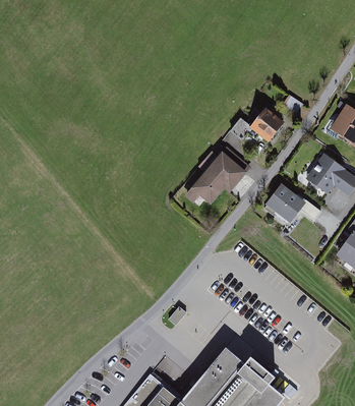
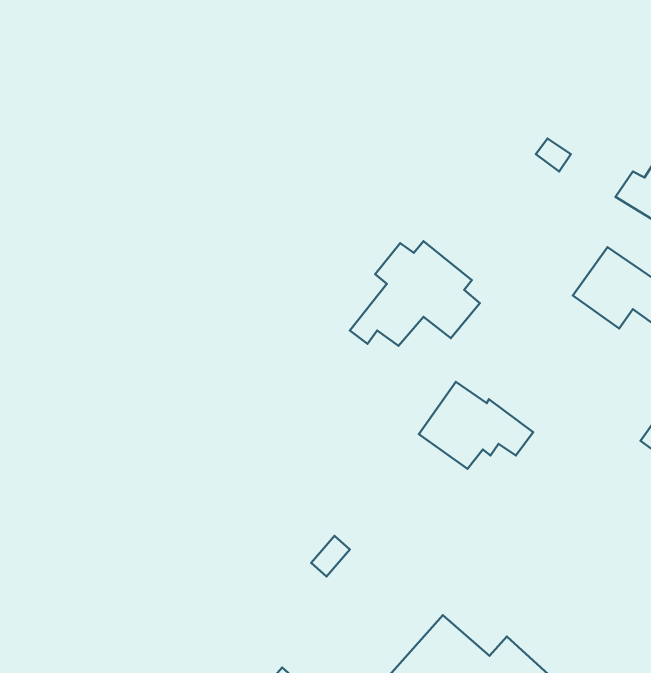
building: [230,106,285,142] -> none
building: [261,182,321,228] -> [419,382,533,469]

